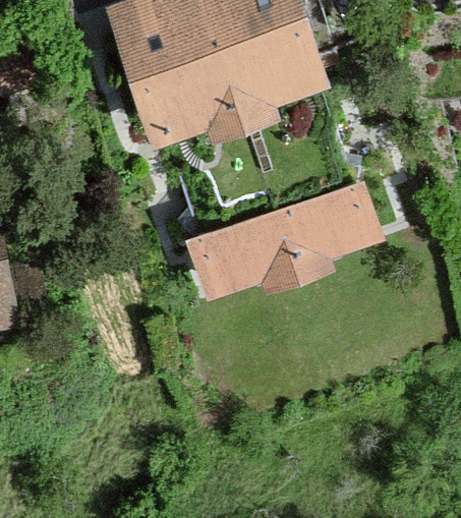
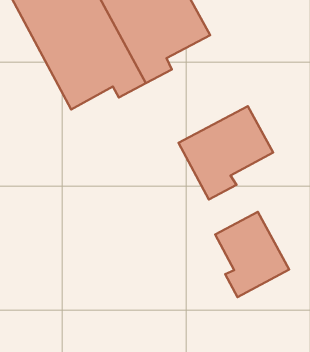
building: [183,210,298,301] -> none
building: none -> [215,212,289,297]

